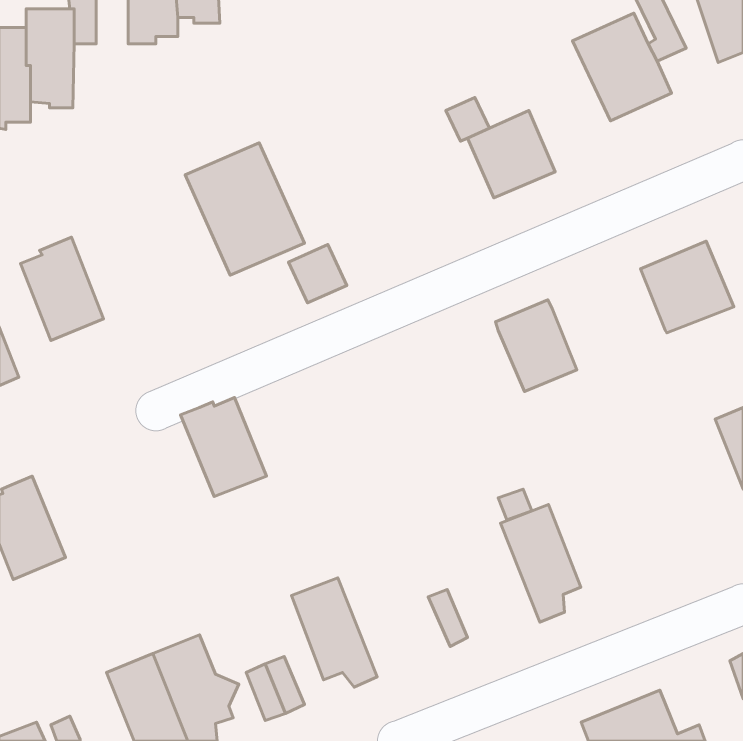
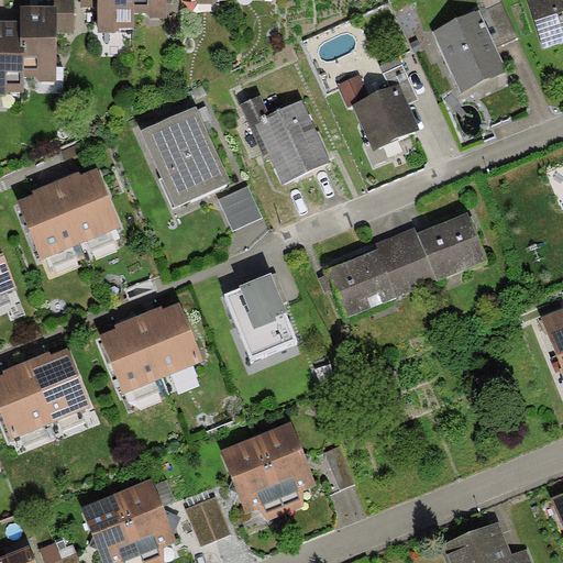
building: none -> [240,95,329,185]
building: none -> [54,166,120,241]
building: [641,241,734,333] -> [417,212,487,282]
building: none -> [327,250,397,319]
building: none -> [224,275,296,360]
building: none -> [98,313,162,391]
building: none -> [24,347,90,421]
building: [501,504,581,622] -> [255,422,316,511]

